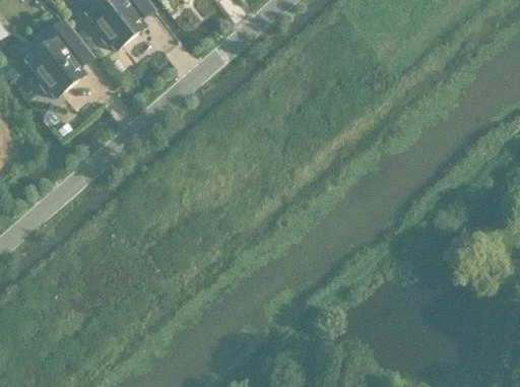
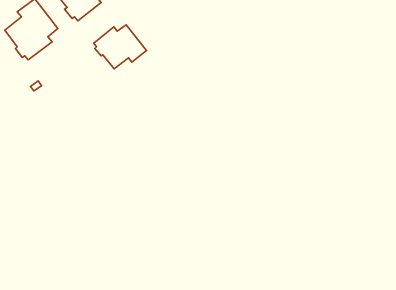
building: none -> [94,25,146,69]

